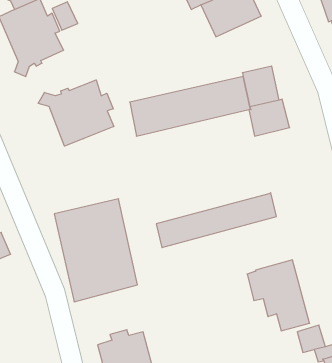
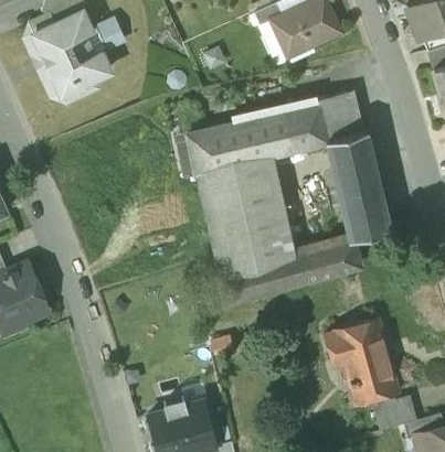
building: [38,80,114,146] -> none
building: none -> [333,162,390,239]
building: [54,199,137,302] -> [195,154,293,275]

